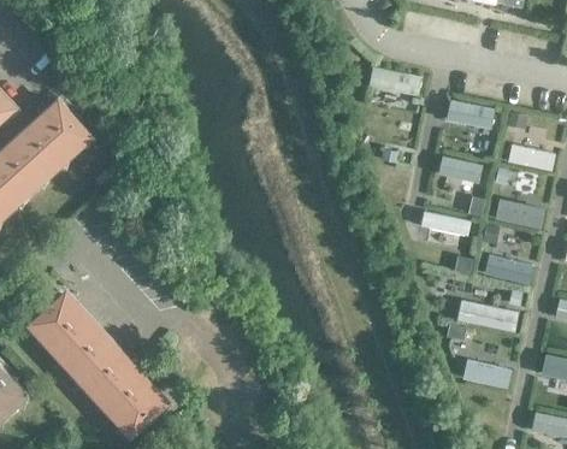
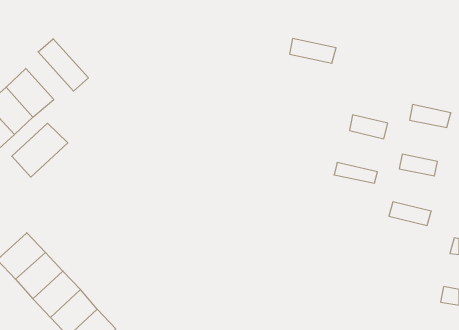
building: none -> [38,39,88,91]
building: [445,98,495,126] -> none
building: none -> [12,123,68,177]
building: [457,300,519,331] -> none
building: [462,359,512,388] -> none

